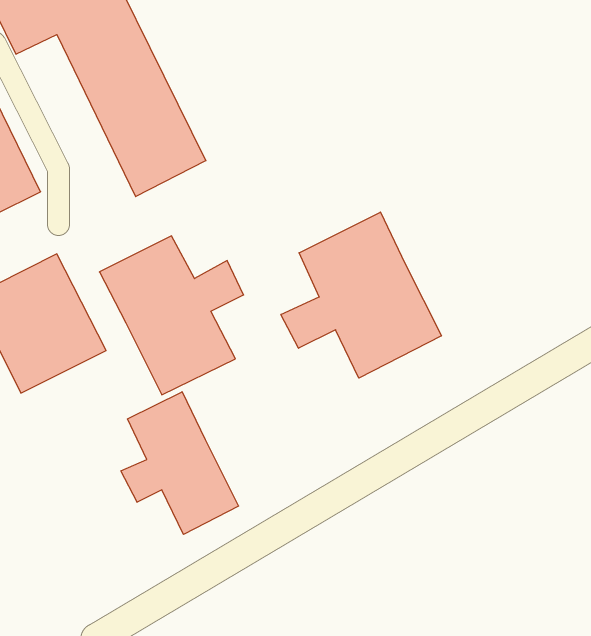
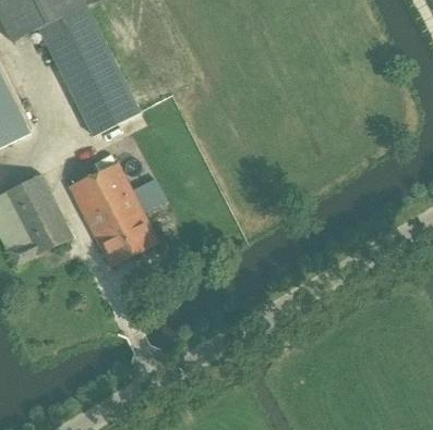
building: [281,212,441,378] -> none
building: [121,392,239,534] -> none

